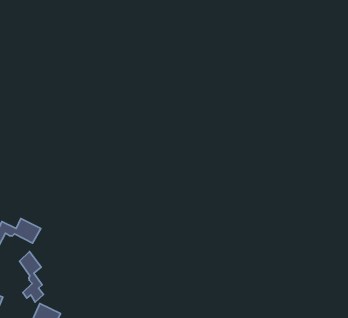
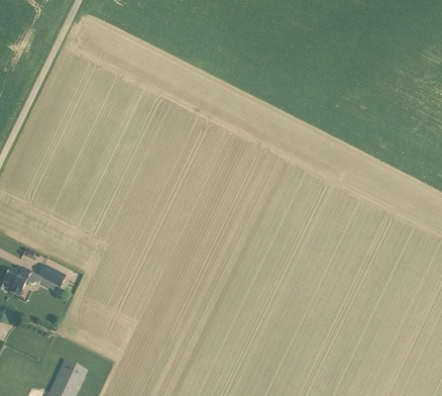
building: [19,251,44,302] -> none

